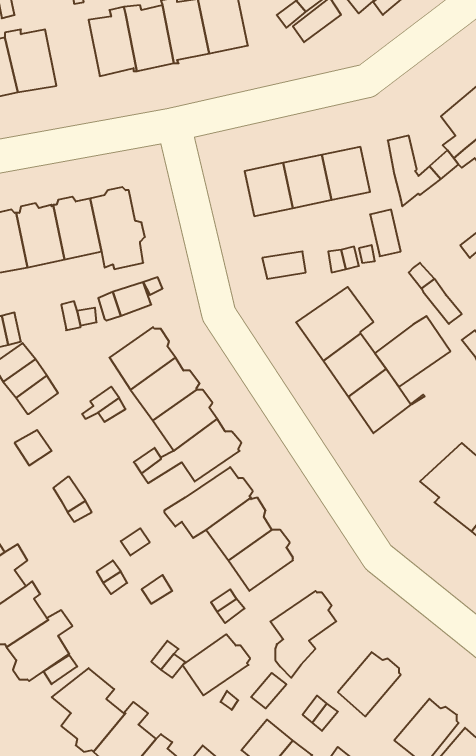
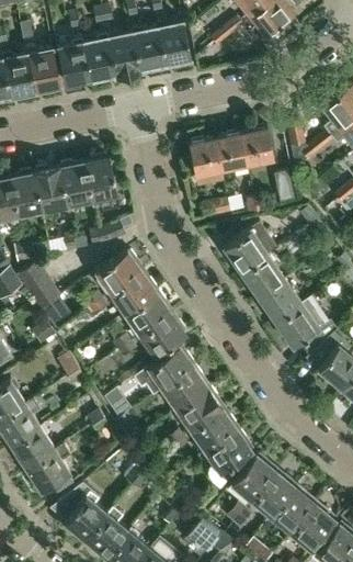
building: none -> [56,38,90,85]
building: [375,316,450,387] -> [276,299,328,347]
building: none -> [231,456,275,501]
building: [183,634,250,695] -> [192,411,238,452]
building: none -> [271,488,315,533]

